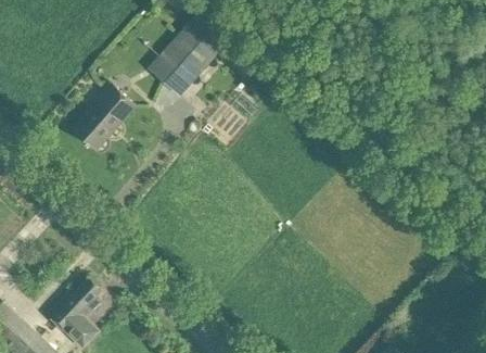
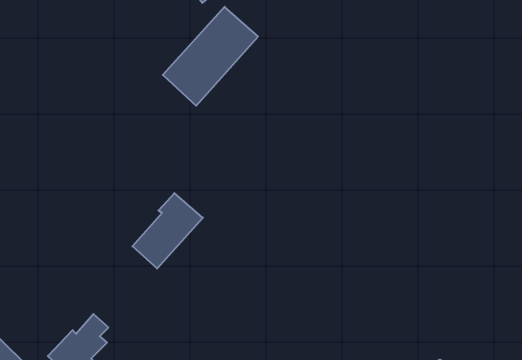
building: [73,85,135,151] -> [132,193,203,269]

